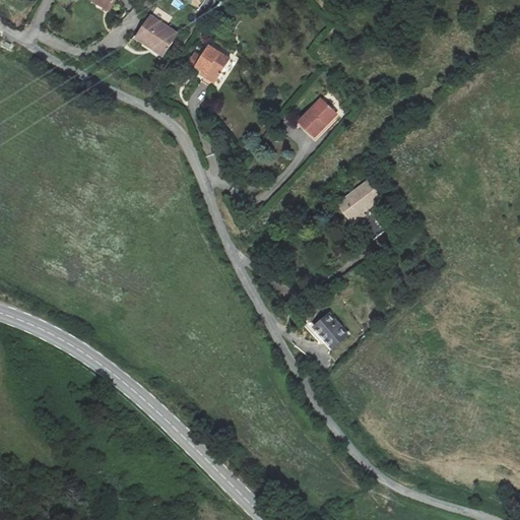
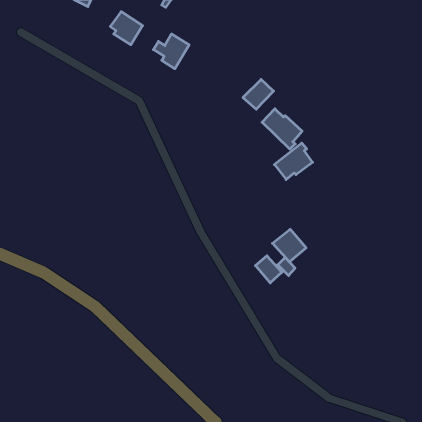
building: none -> [262,109,302,149]
building: none -> [272,229,306,262]

